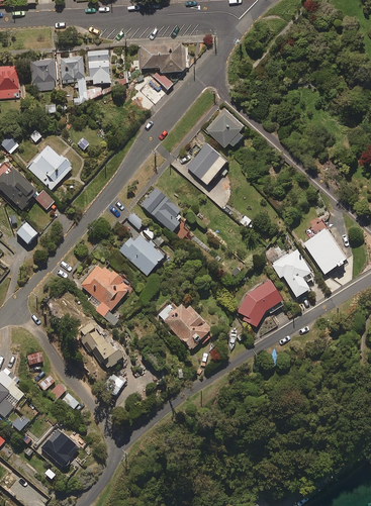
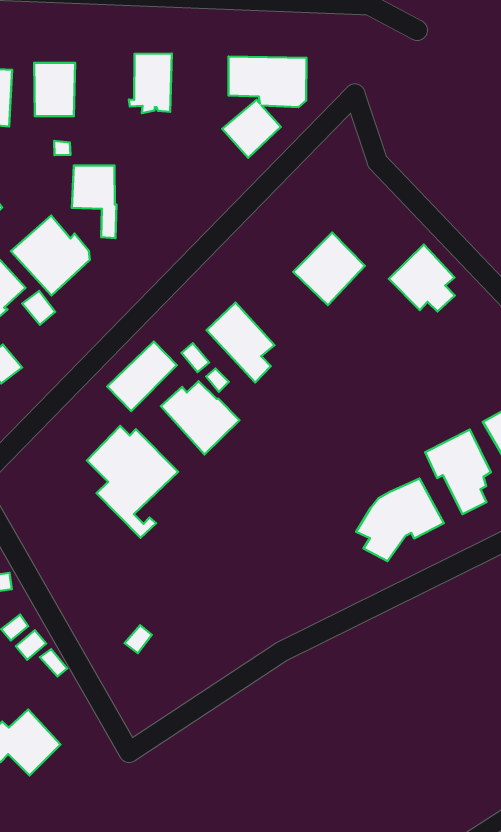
building: [59,57,86,98] -> [72,165,117,238]
building: [206,107,245,144] -> [389,245,455,312]
building: none -> [107,341,177,411]
building: [158,303,210,347] -> none
building: [74,322,123,368] -> none

